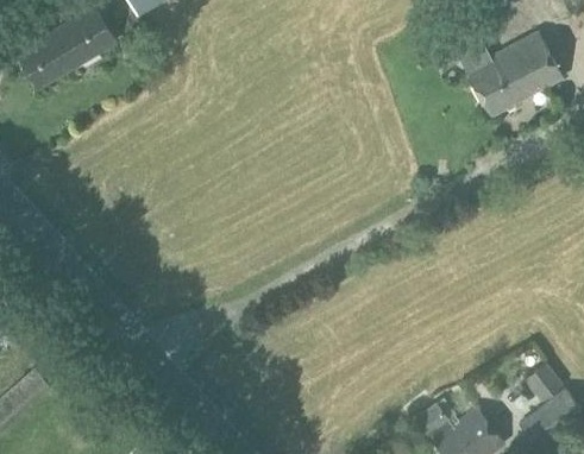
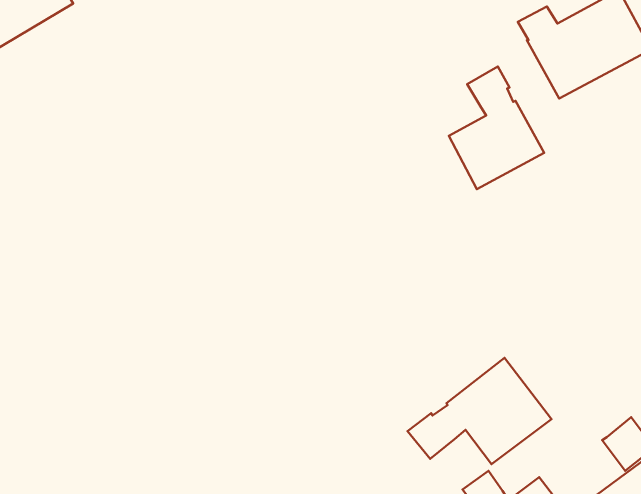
building: none -> [449,66,544,189]
building: none -> [408,358,552,464]

